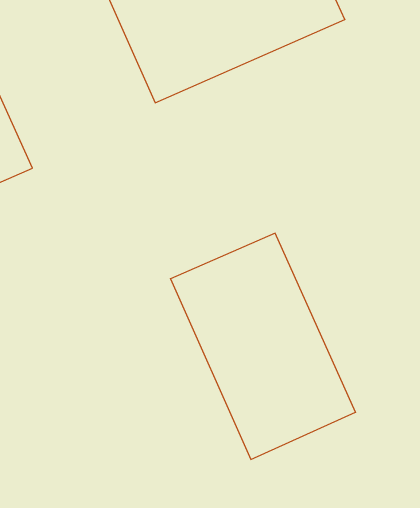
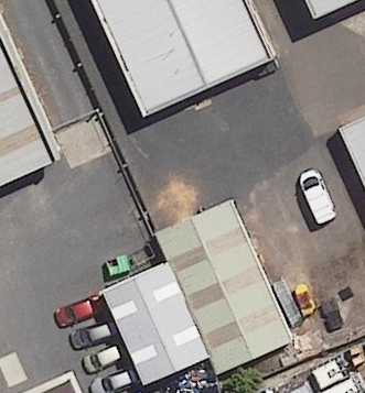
building: none -> [100,233,201,351]

